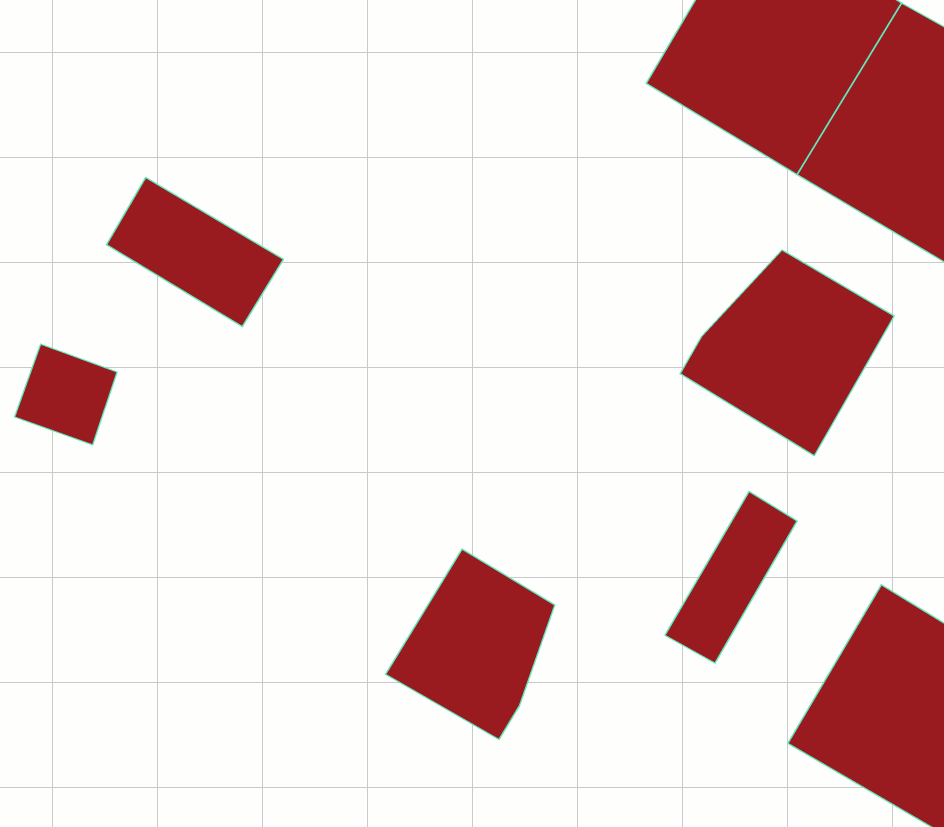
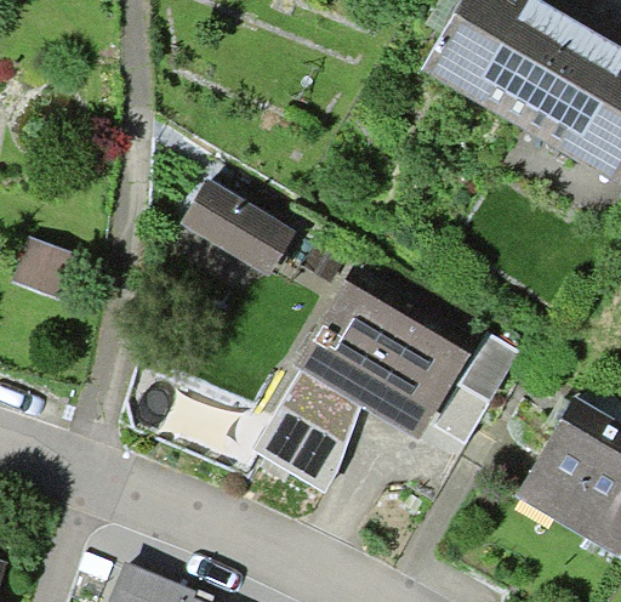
building: [106,178,283,327] -> [182,178,297,276]
building: [680,250,894,456] -> none
building: none -> [295,265,480,441]

